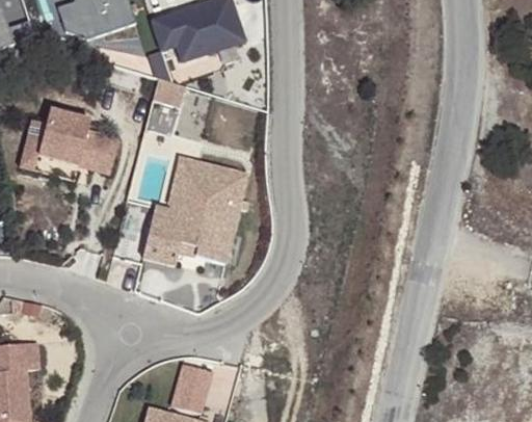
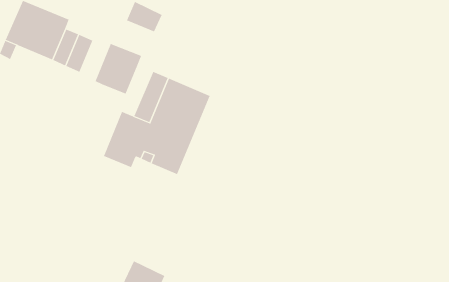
building: none -> [95,43,142,95]

